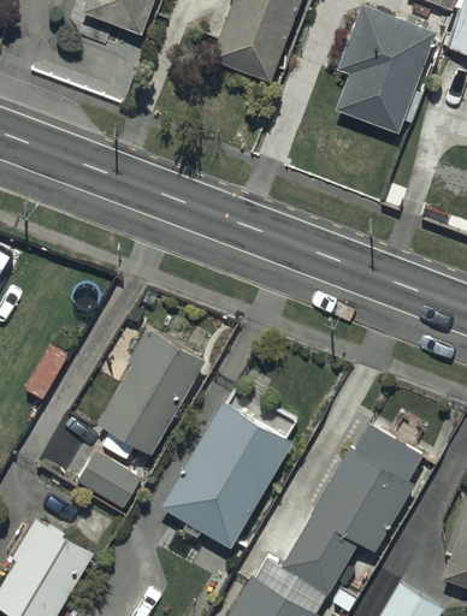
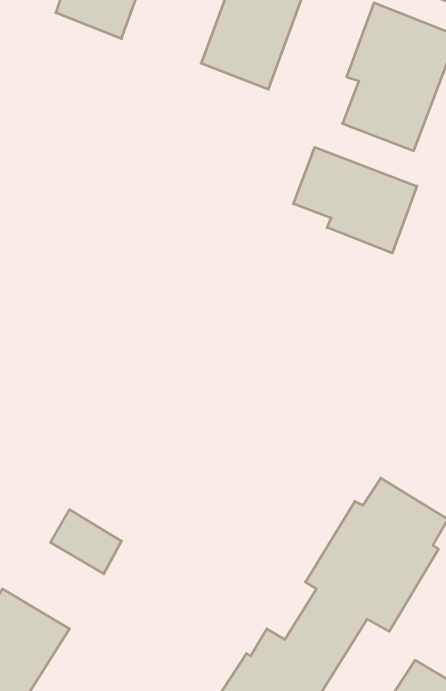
building: none -> [293,147,417,253]
building: [99,330,206,456] -> none
building: [161,401,292,547] -> none

